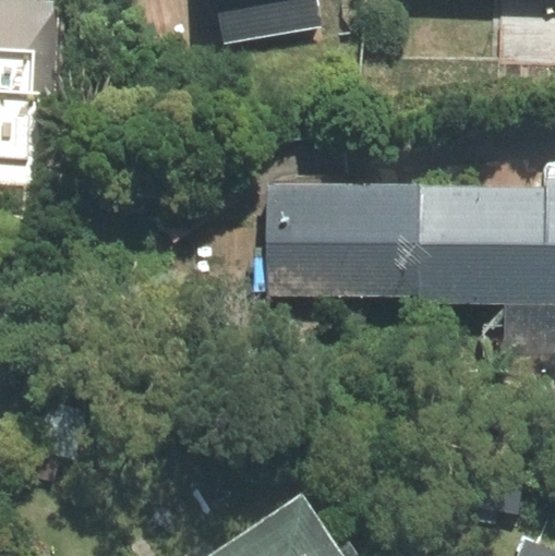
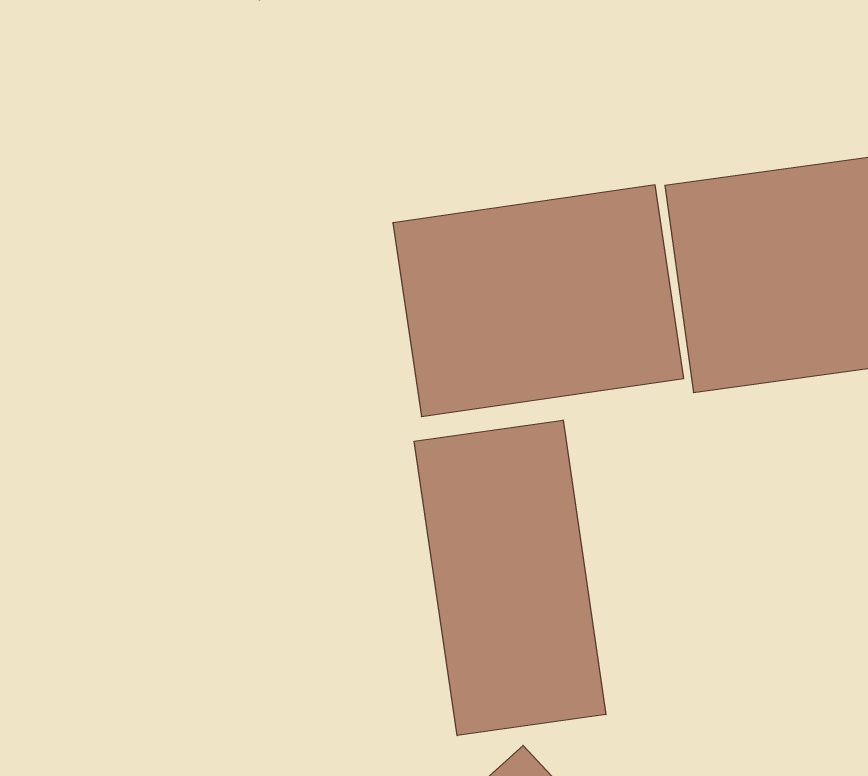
building: none -> [414,420,606,736]

